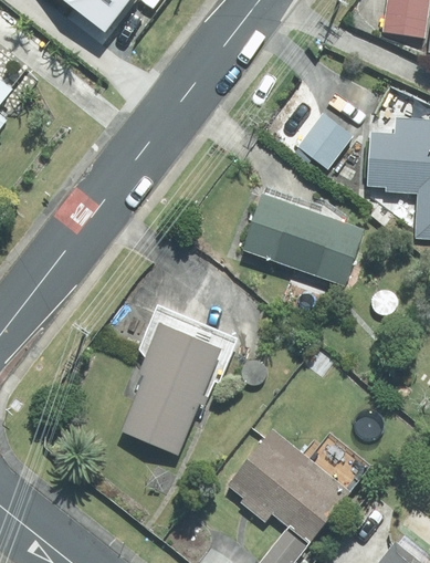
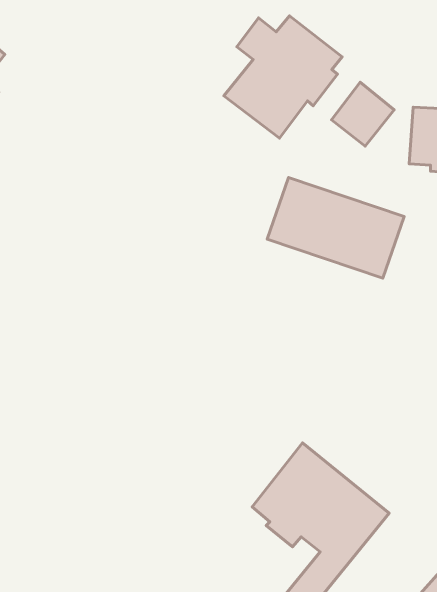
building: none -> [224,16,342,138]
building: [122,323,219,450] -> none

